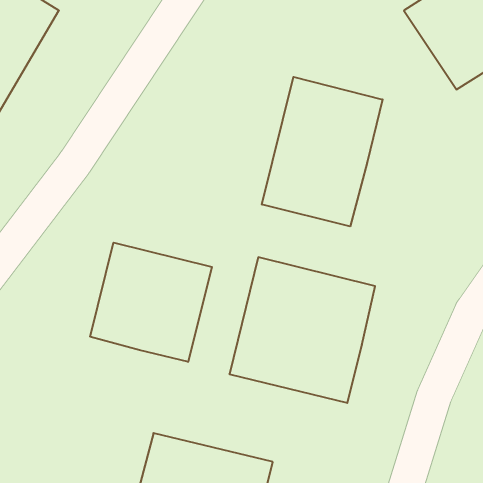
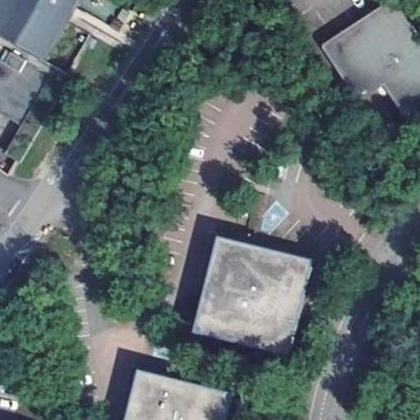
building: [262,77,383,226] -> none
building: [90,243,212,362] -> none

